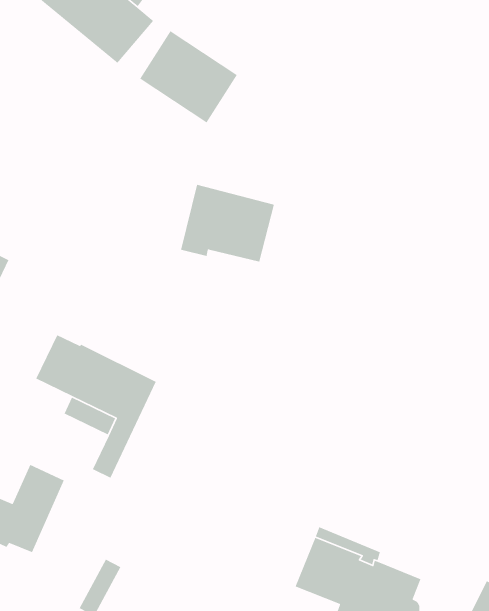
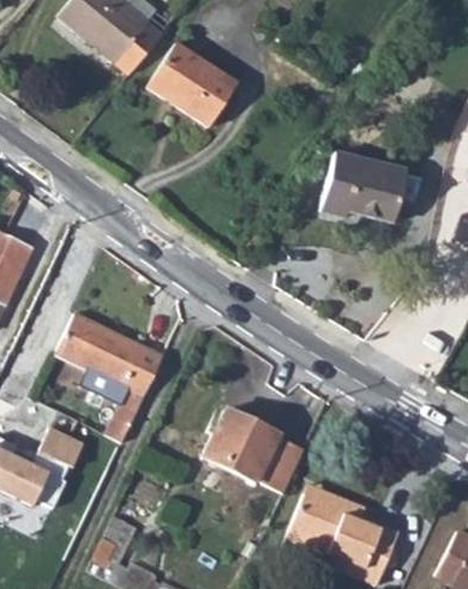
building: [180,184,275,262] -> [322,152,406,222]
building: none -> [203,407,305,493]

